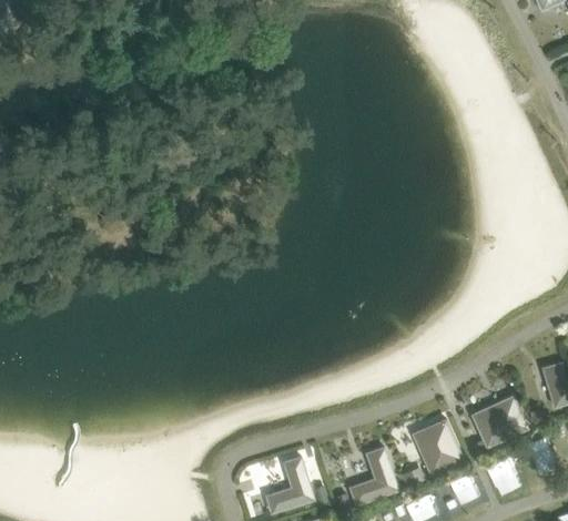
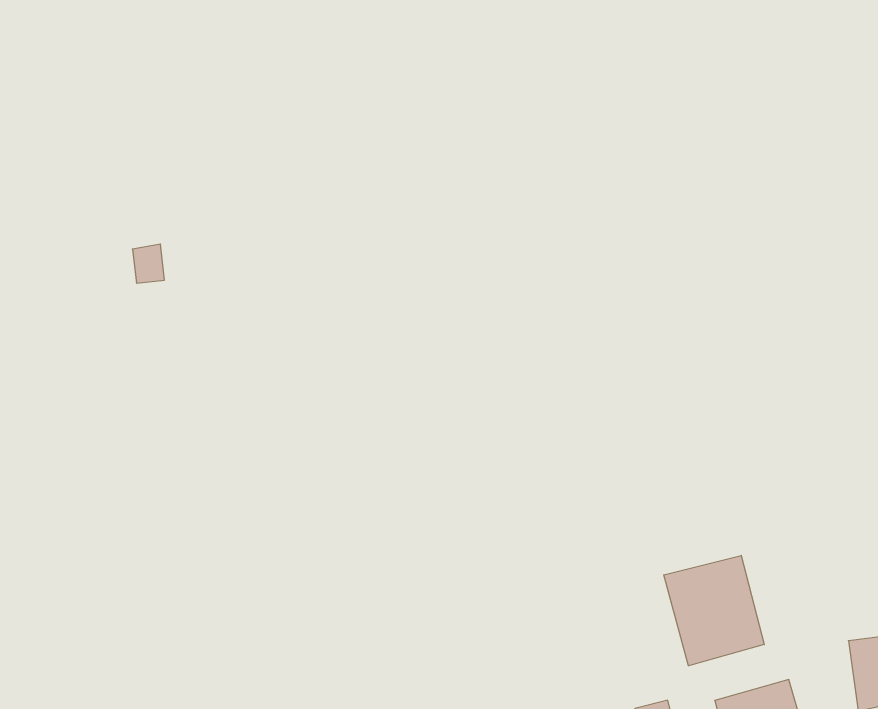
building: none -> [664,555,764,666]

